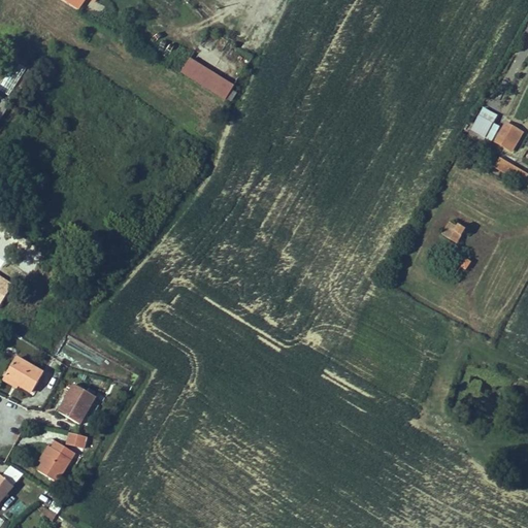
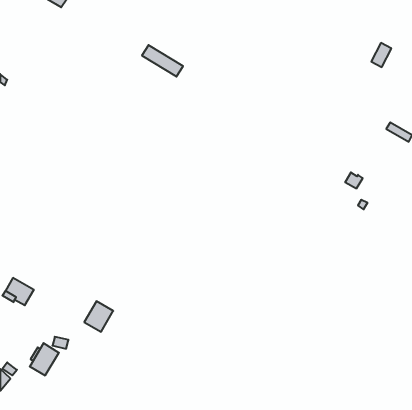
building: [468,110,494,141] -> [371,43,391,67]
building: [495,122,522,150] -> none
building: [59,384,96,423] -> [84,301,113,332]

